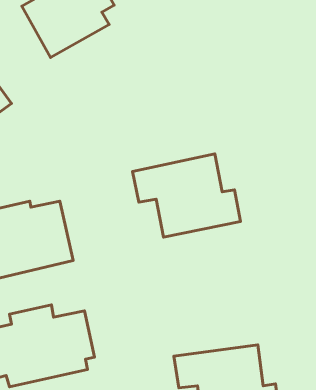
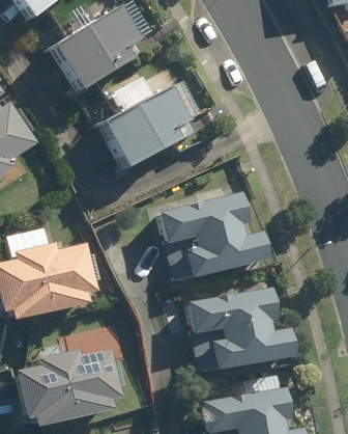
building: none -> [98,84,197,171]
building: none -> [190,288,295,370]

